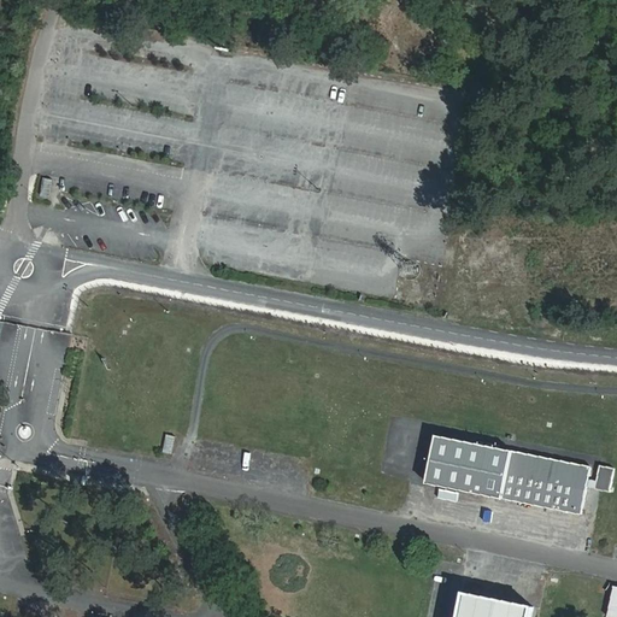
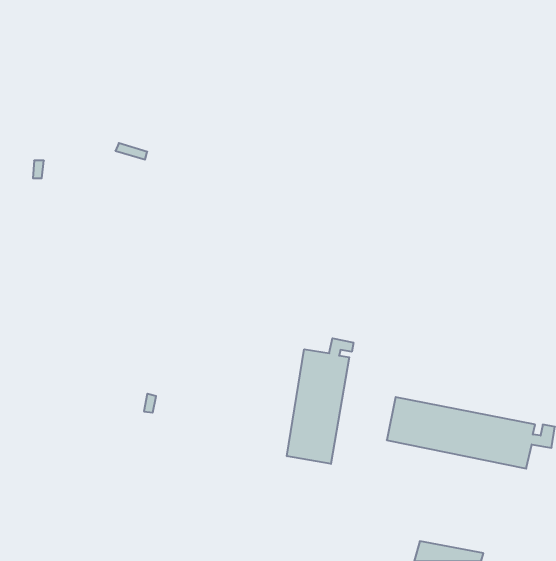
building: none -> [287,338,353,464]

